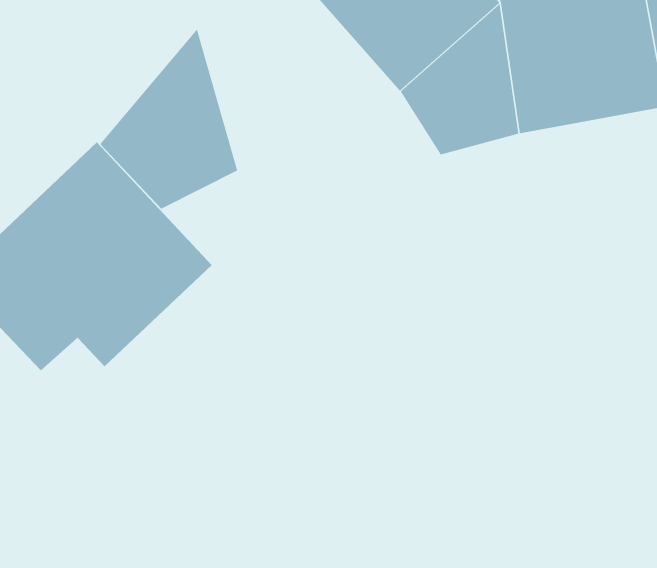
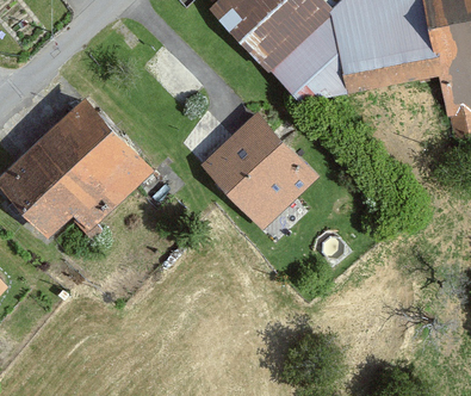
building: [99,28,238,209] -> none
building: none -> [202,113,317,229]

